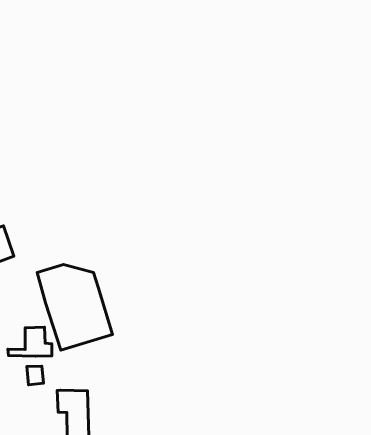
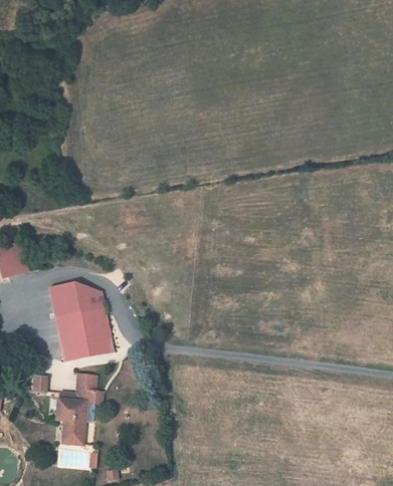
building: [8,327,52,356] -> [60,375,102,403]

